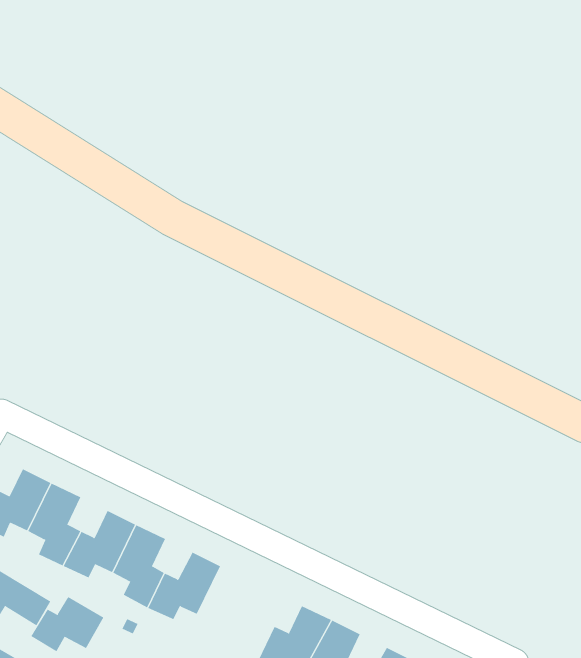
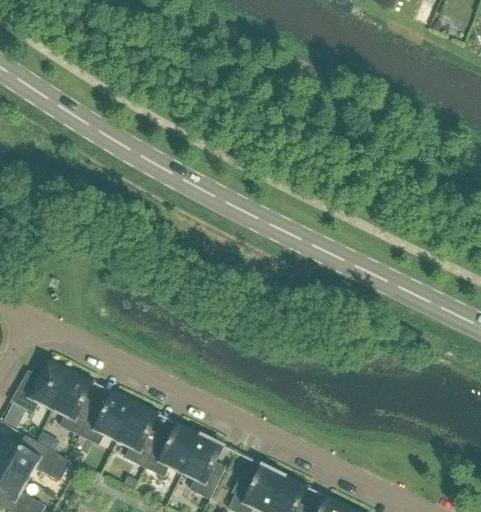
building: none -> [182,435,223,499]
building: [30,596,104,652] -> none

